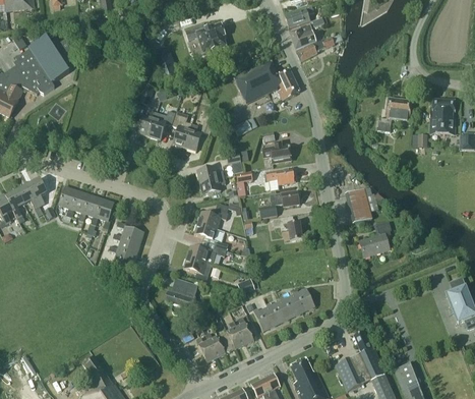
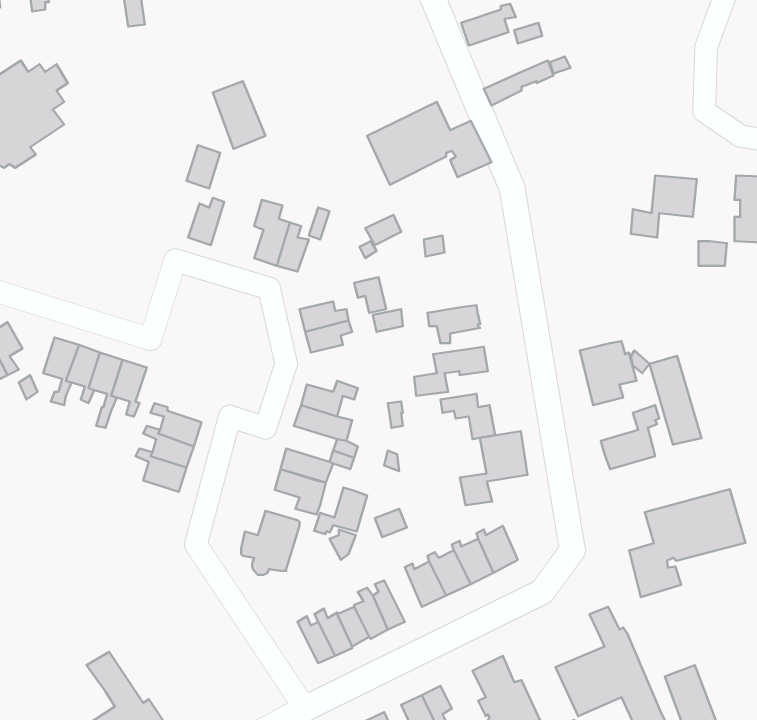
building: [289,23,316,51] -> none
building: [185,24,225,52] -> none
building: [149,110,174,138] -> none
building: [261,142,291,162] -> none
building: none -> [650,356,702,444]
building: none -> [460,431,528,505]
building: none -> [314,488,367,534]
building: none -> [629,489,746,597]

